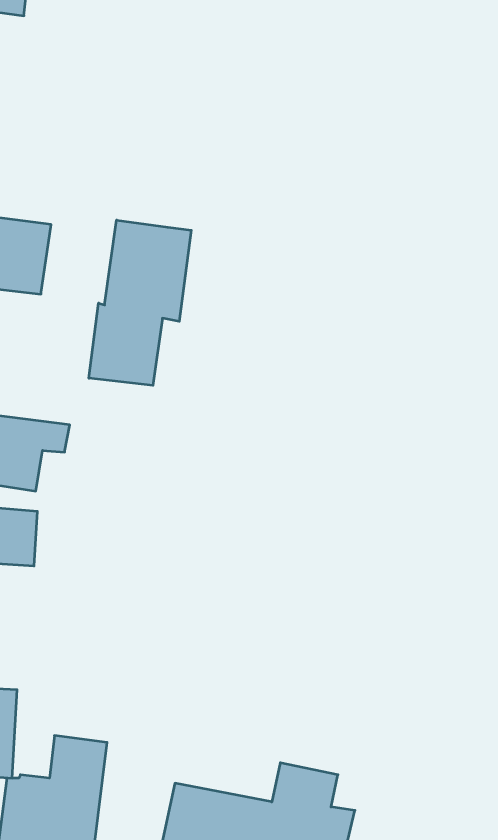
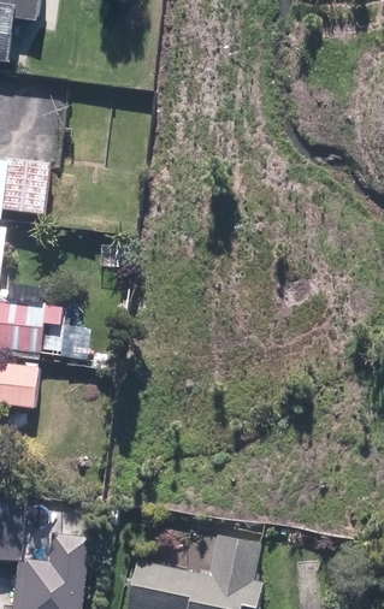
building: [89,220,191,385] -> none

